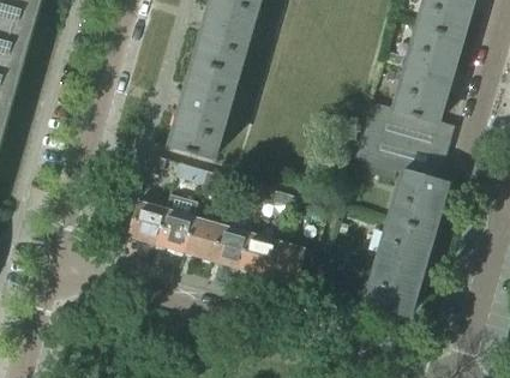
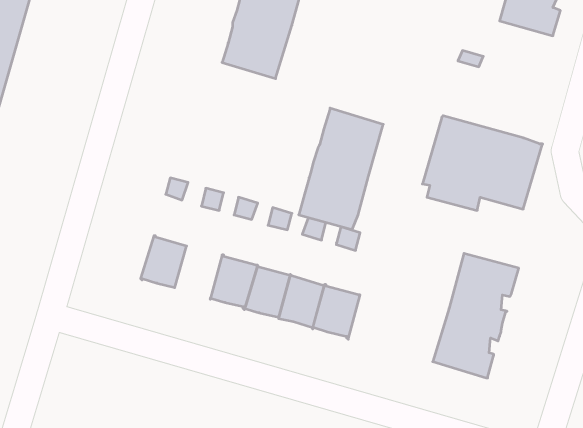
building: [395,25,462,120] -> none
building: [169,59,238,157] -> [299,108,383,230]
building: [390,168,448,226] -> none
building: [156,206,194,251] -> none

